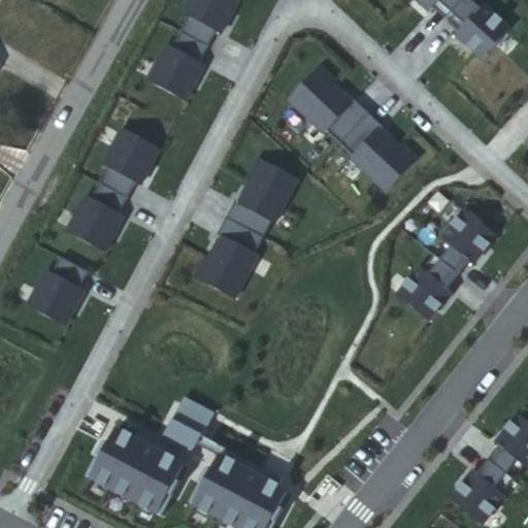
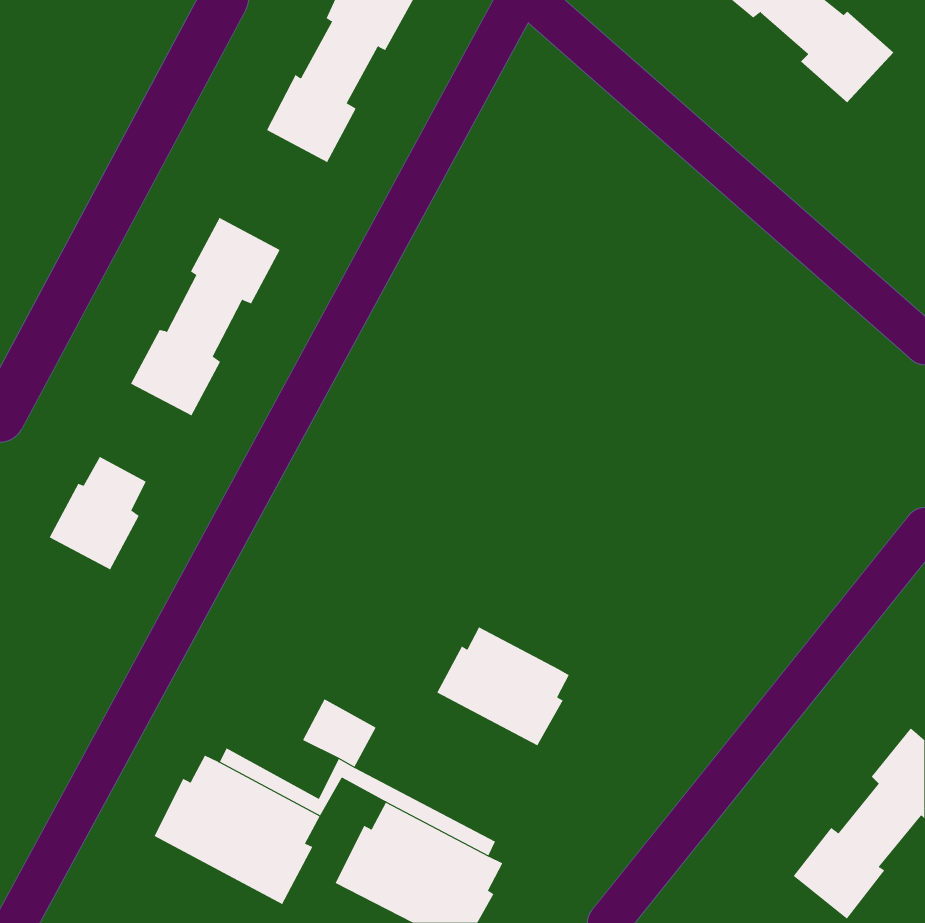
building: [289,66,418,192] -> none
building: [193,158,296,298] -> none
building: [397,210,495,320] -> none
building: none -> [436,627,570,746]

